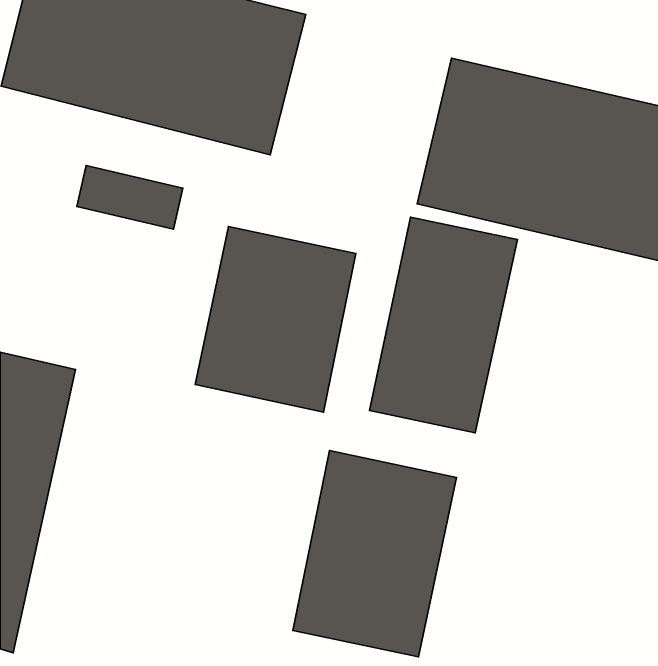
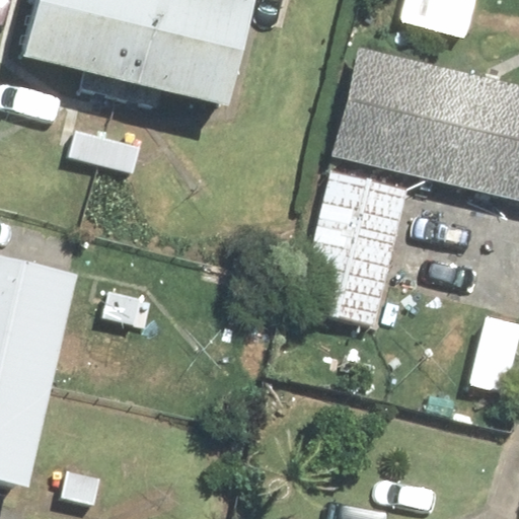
building: [195,227,356,412] -> none
building: [293,450,457,657] -> none

